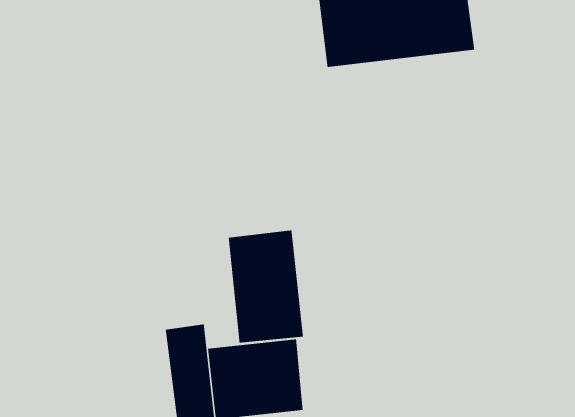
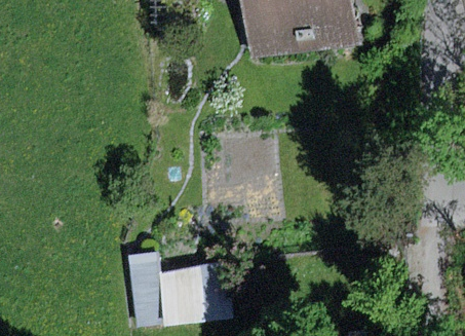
building: [228,229,304,343] -> none

